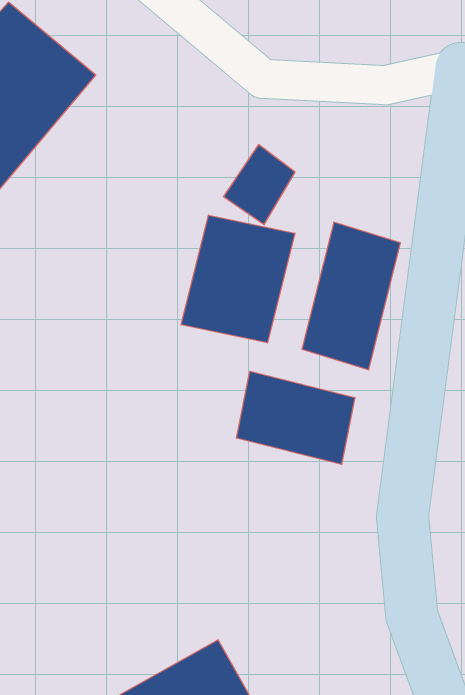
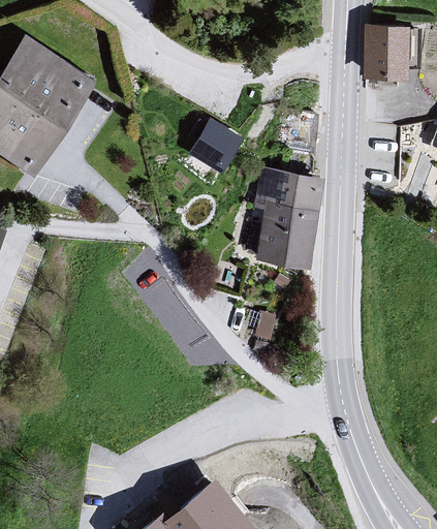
building: [181,215,295,343] -> none
building: [236,371,355,465] -> none

